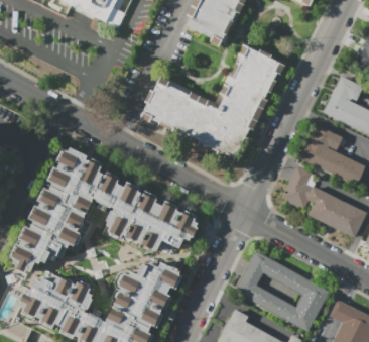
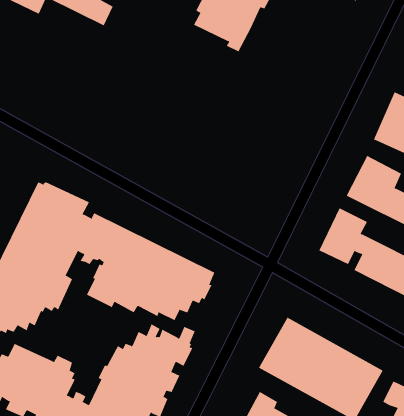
building: [136,44,285,161] -> none

